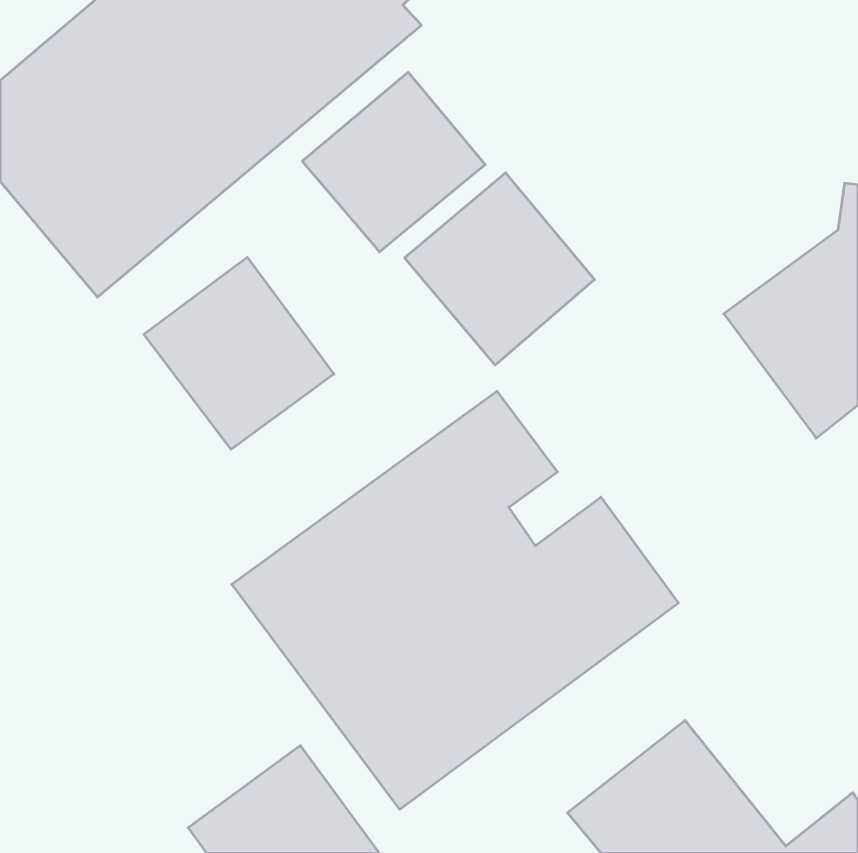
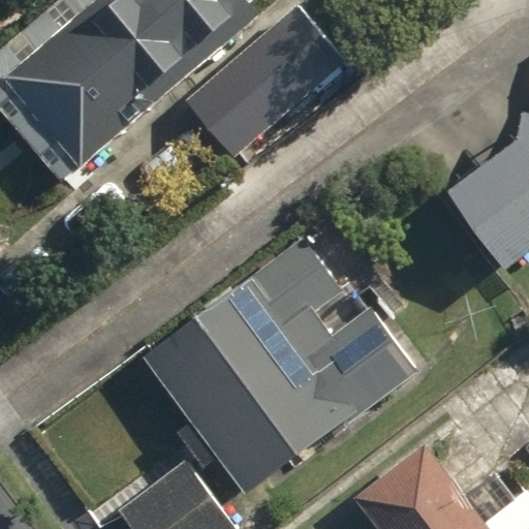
building: [405,173,595,365] -> none
building: [144,257,334,449] -> none

